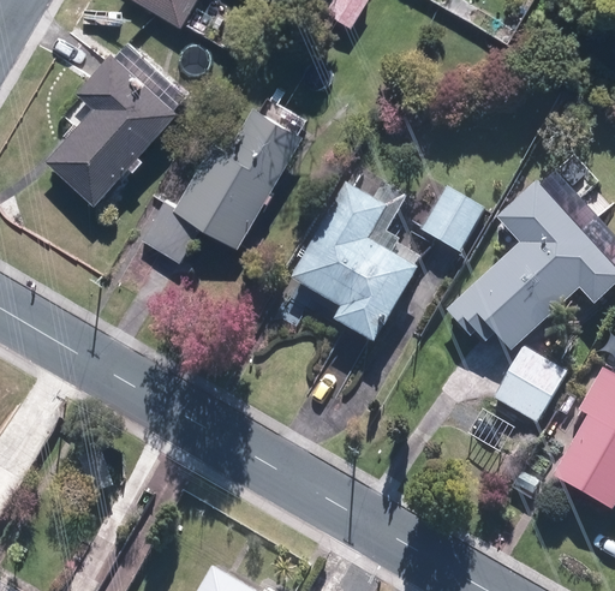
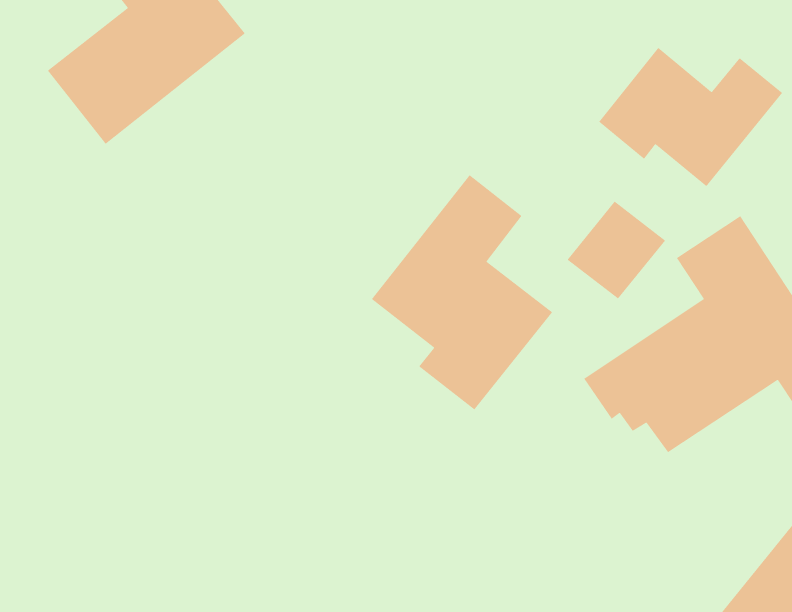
building: none -> [598,47,783,187]
building: [147,105,303,256] -> none
building: [495,345,568,424] -> none

